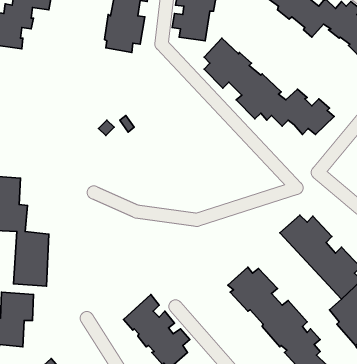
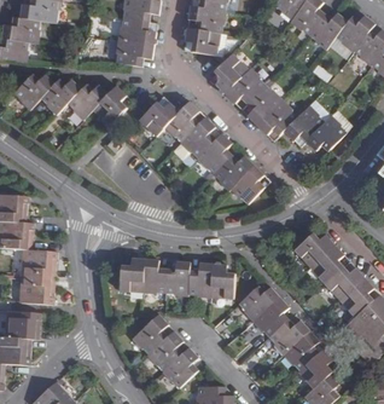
building: none -> [13,74,126,126]
building: none -> [140,99,267,206]
building: none -> [118,258,234,299]

